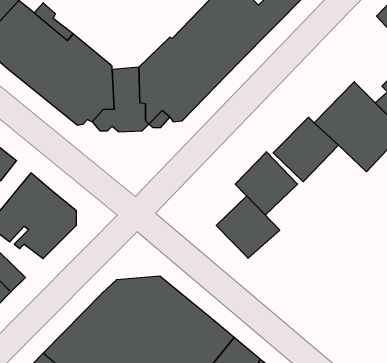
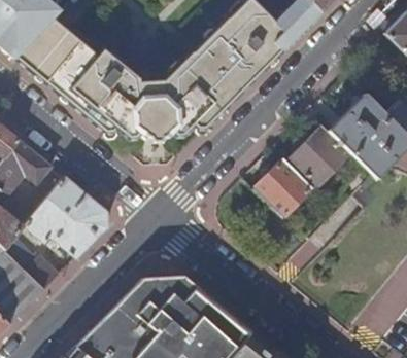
building: [216,196,280,258] -> none

